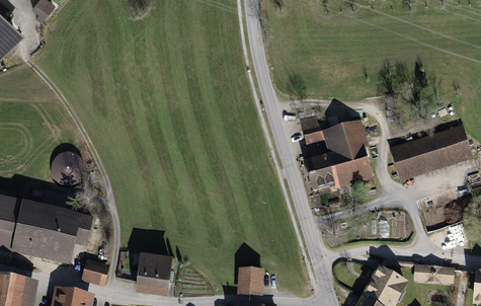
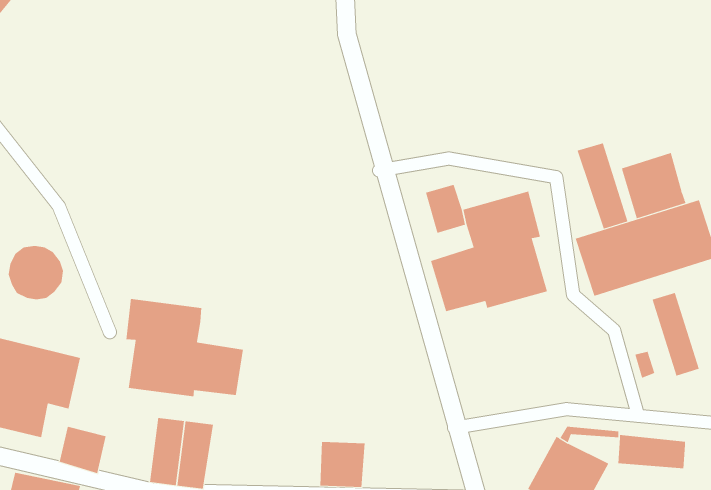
building: none -> [577,142,628,229]
building: none -> [622,152,686,219]
building: none -> [652,292,699,376]
building: none -> [126,298,243,397]

